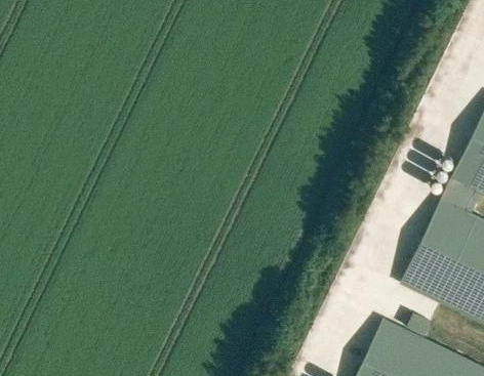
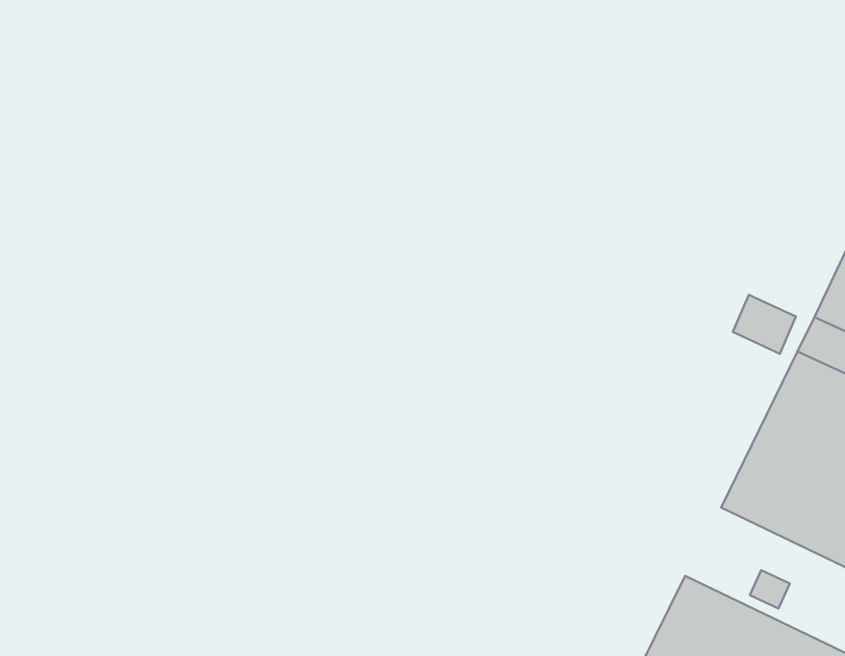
building: none -> [733,295,796,354]

